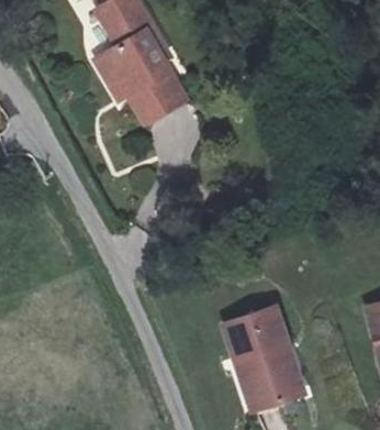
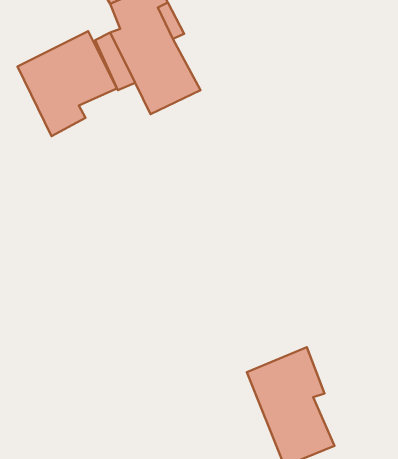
building: none -> [17,31,117,136]

